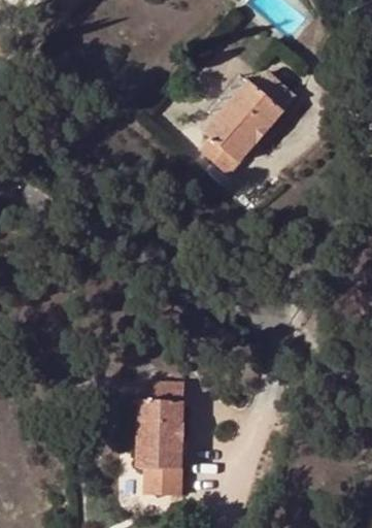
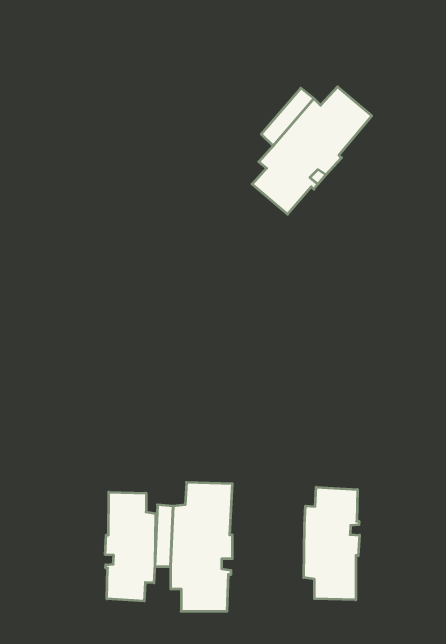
building: none -> [304,487,360,600]
building: none -> [105,492,156,601]

